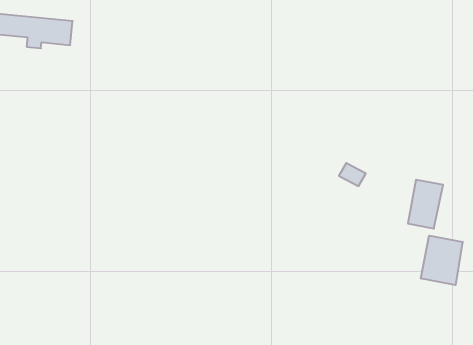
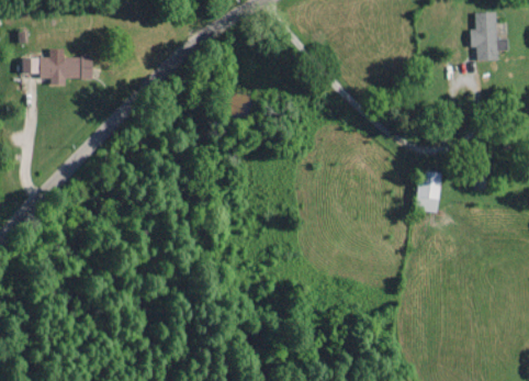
building: [421,236,463,285] -> none

